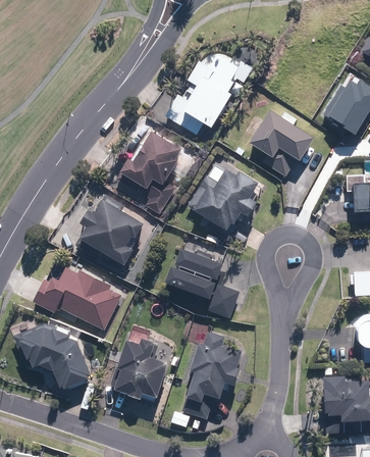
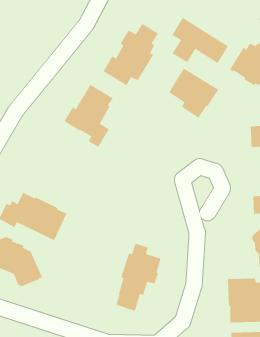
building: none -> [171,17,229,64]
building: [189,169,257,230] -> none
building: [80,197,144,265] -> none
building: [165,249,240,318] -> none
building: [111,340,167,398] -> none

